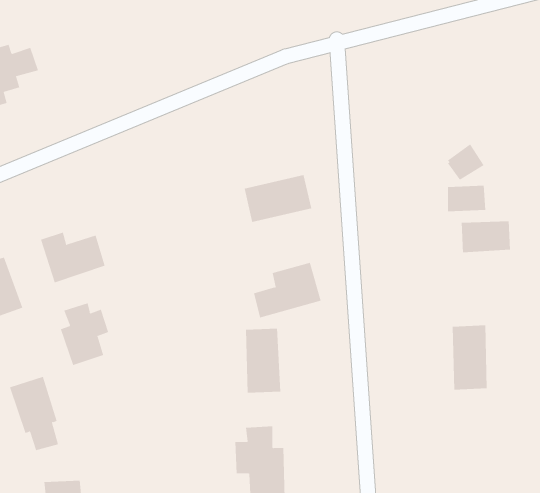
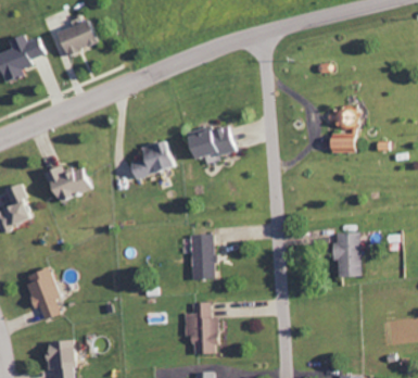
building: none -> [58,18,101,56]
building: [461,221,510,253] -> none
building: [253,262,322,318] -> [129,140,177,179]
building: [60,302,109,366] -> none

